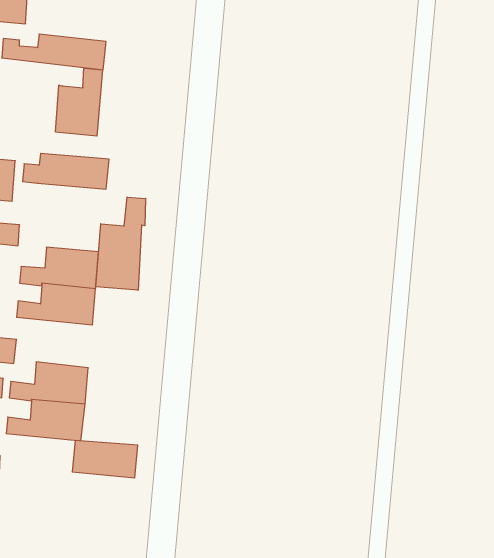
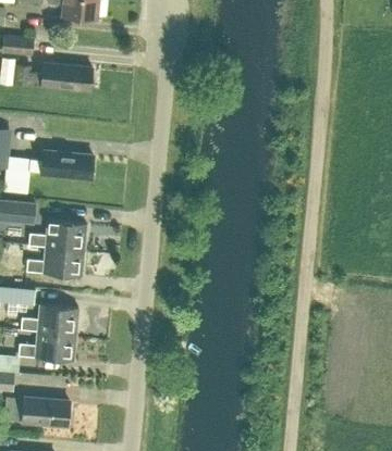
building: [56,68,103,136] -> none
building: [96,197,146,290] -> none
building: [72,441,138,478] -> [21,399,69,426]

